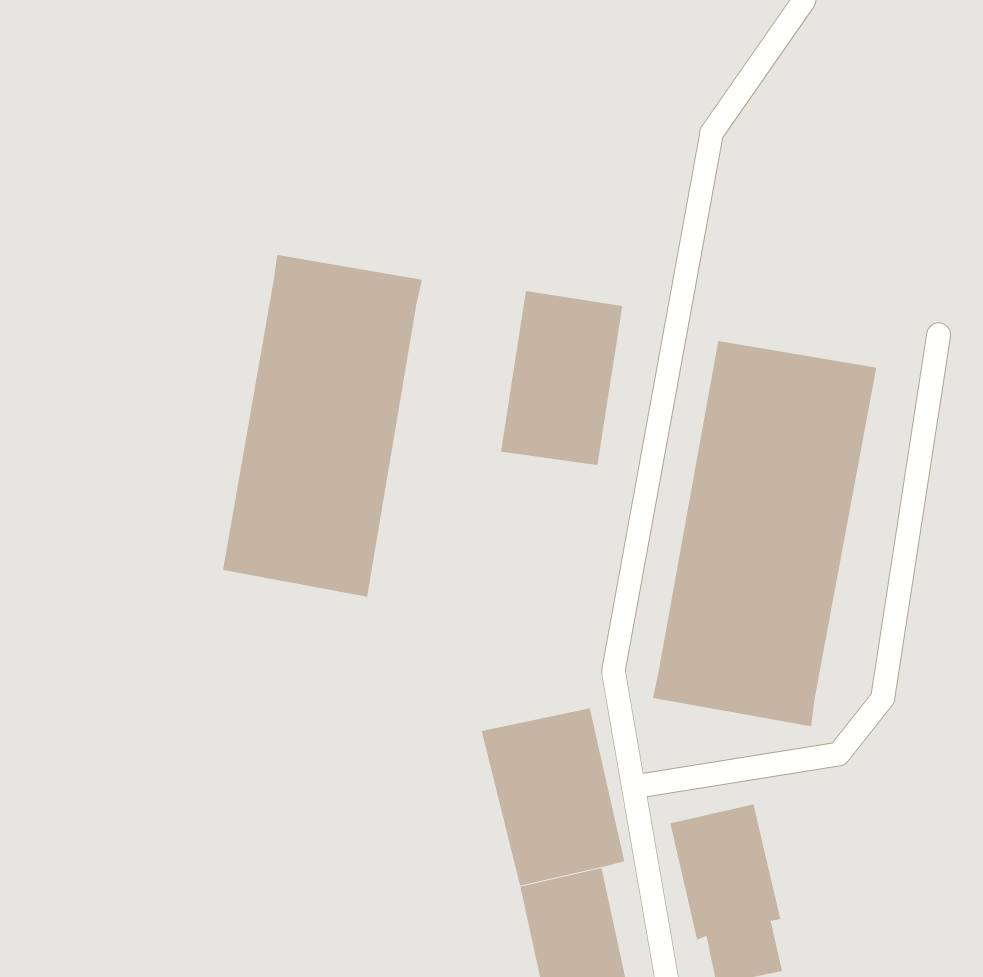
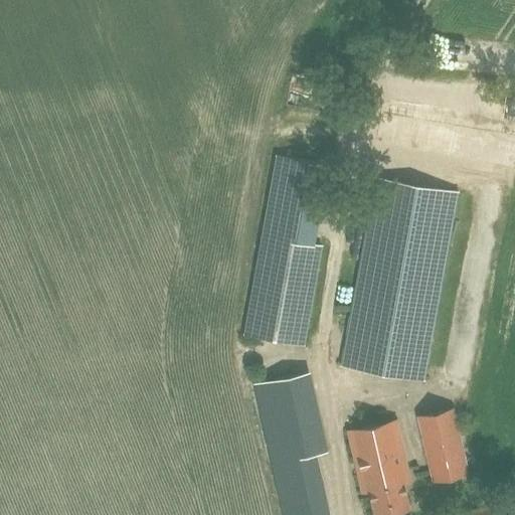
building: [223,254,422,597] -> none
building: none -> [245,239,321,347]
building: none -> [416,410,469,484]

